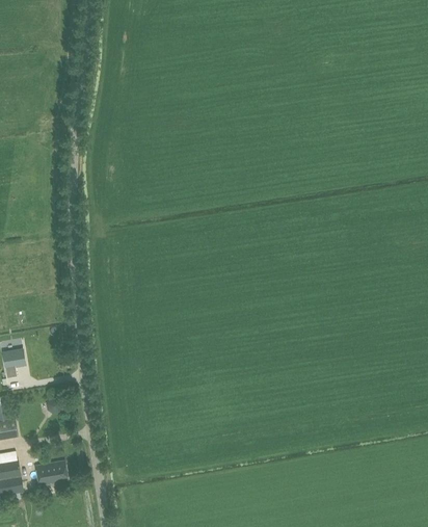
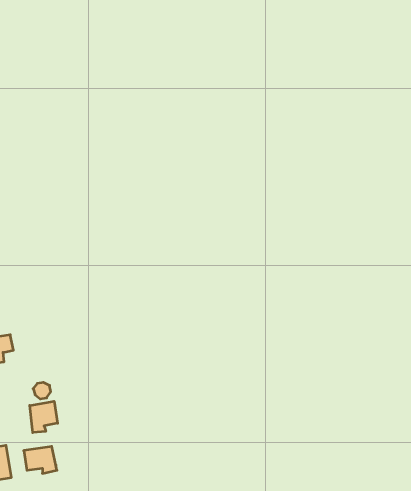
building: none -> [30,401,58,433]

